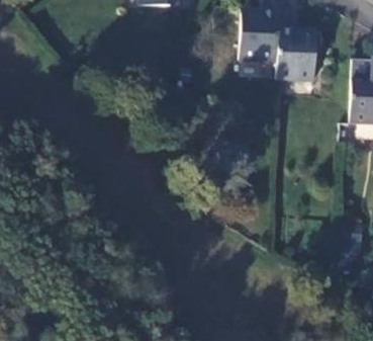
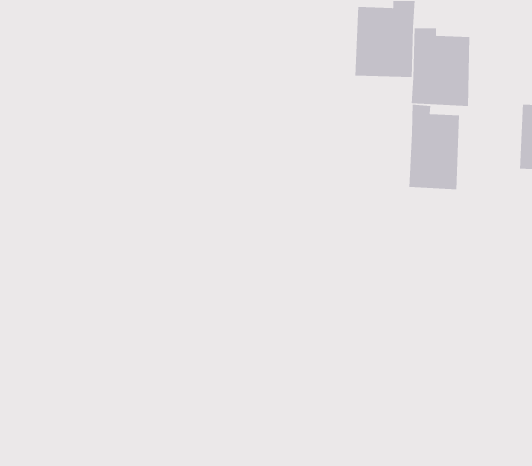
building: none -> [409,104,460,190]

